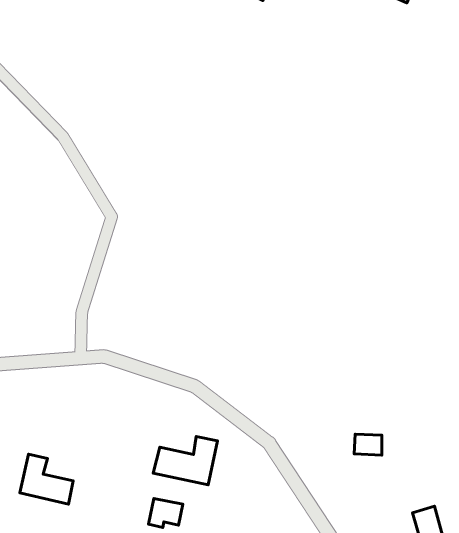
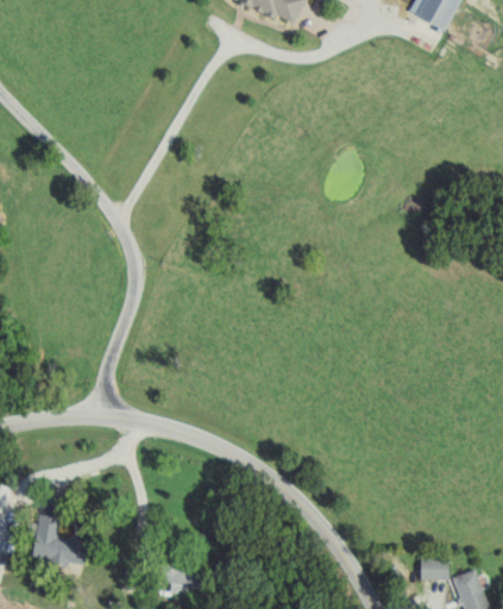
building: [354,434,382,455] -> [417,557,447,579]
building: [153,436,218,485] -> none

